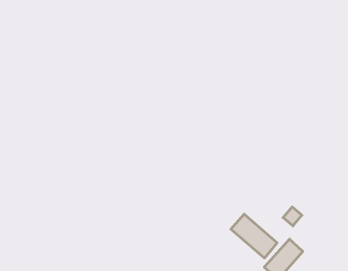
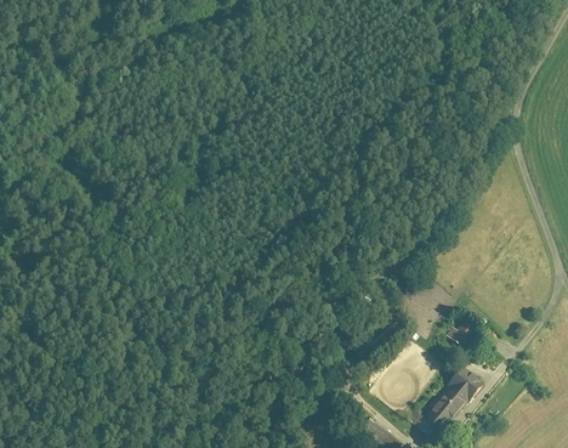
building: [231,214,277,258] -> none

